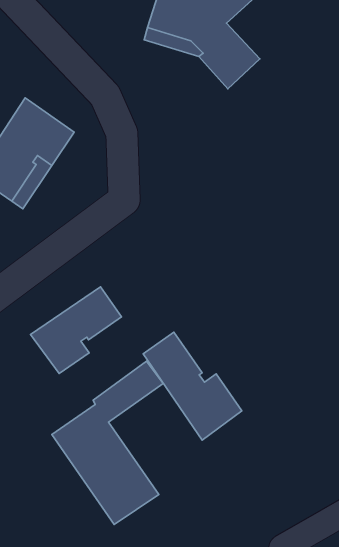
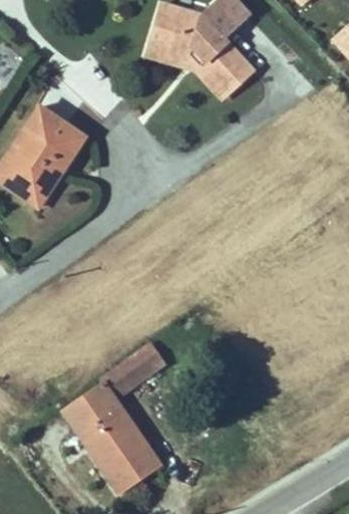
building: [30,287,122,373] -> none
building: [143,332,242,440] -> none

